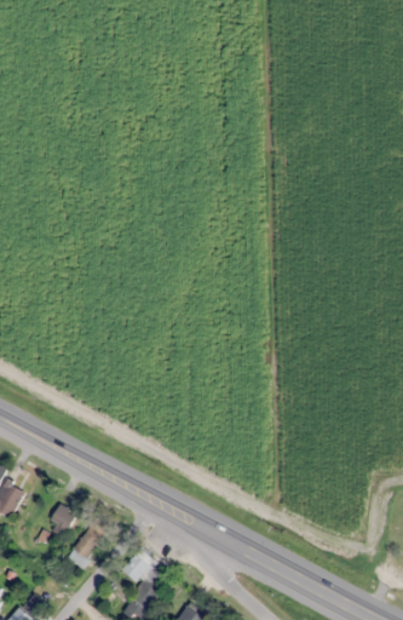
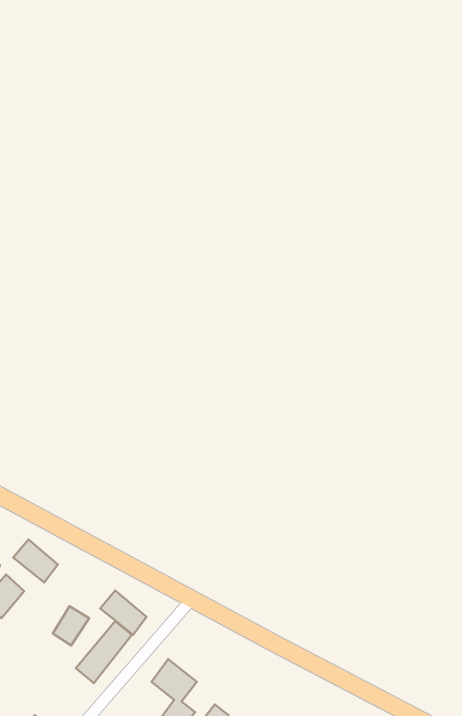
building: none -> [13,539,58,583]
building: none -> [100,591,146,635]

